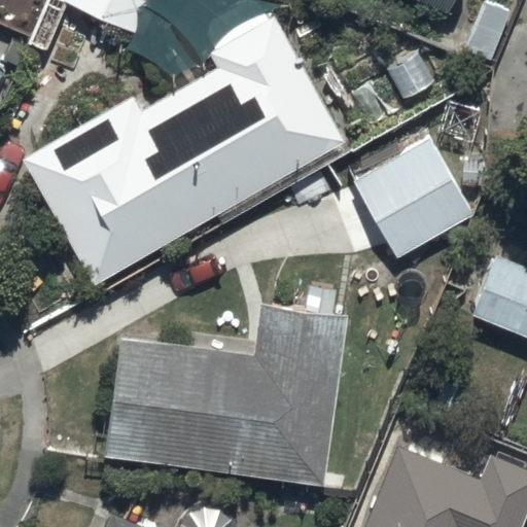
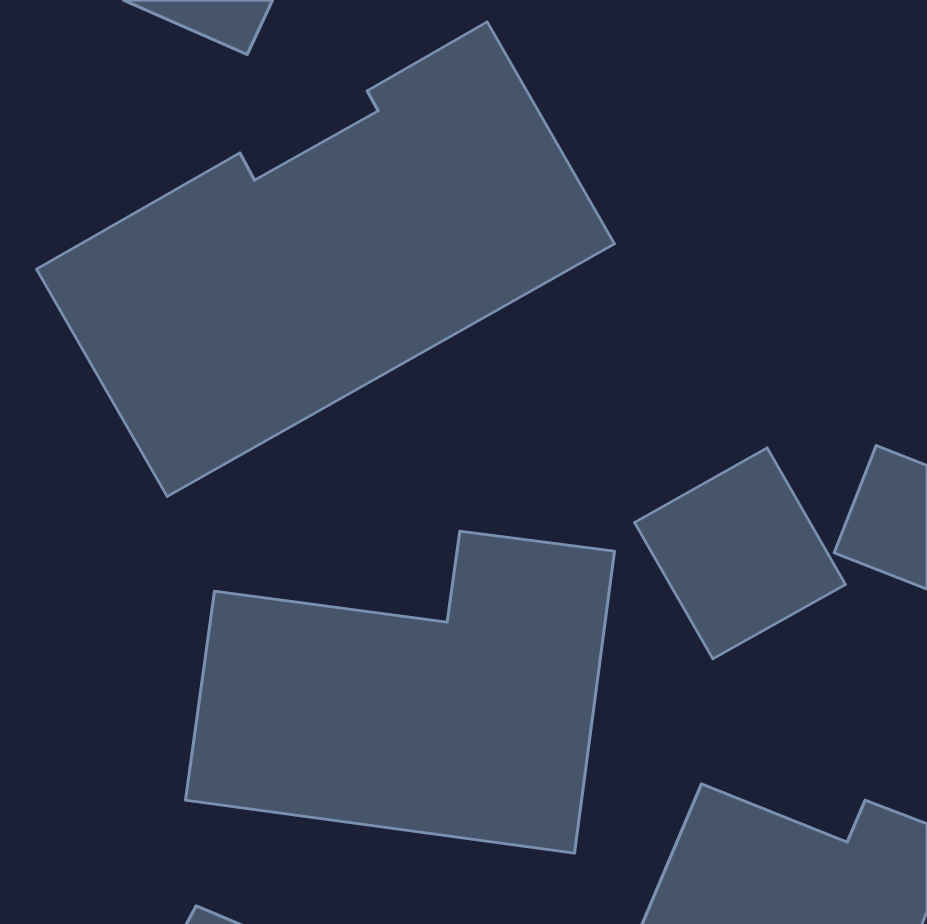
building: [353,139,472,258] -> [635,448,845,659]

